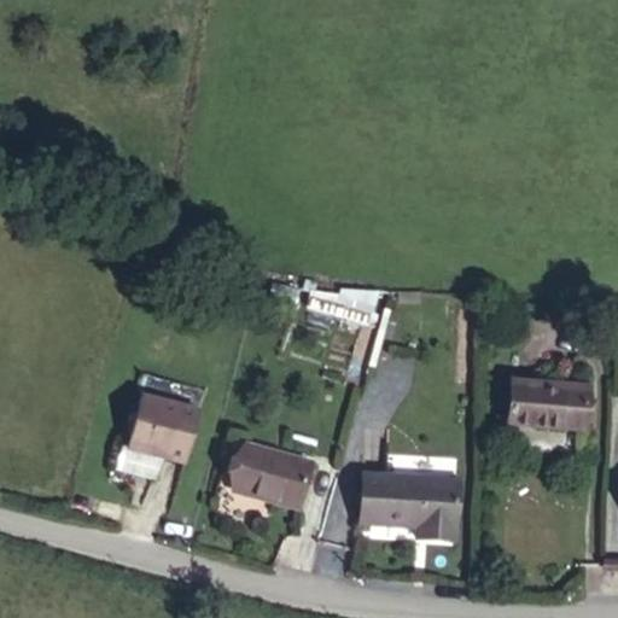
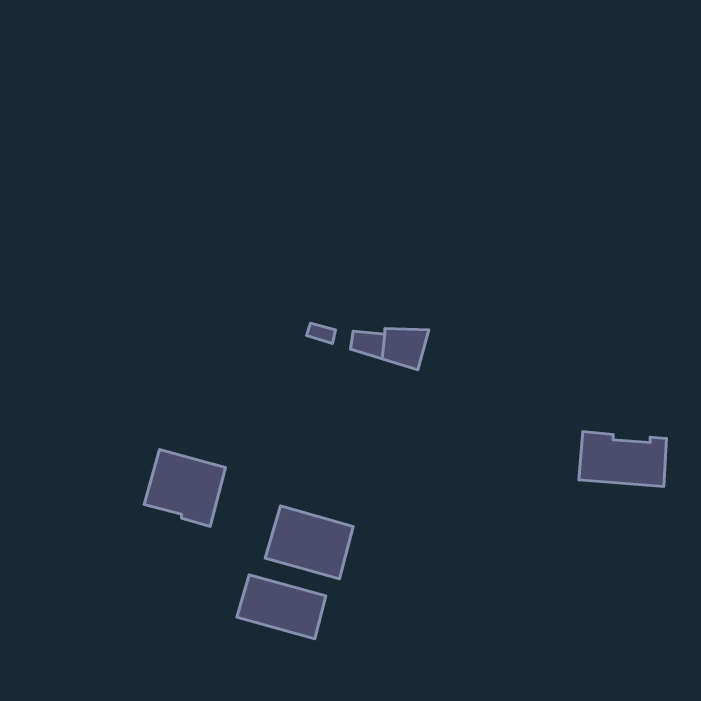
building: [362,474,459,540] -> none
building: none -> [237,575,326,639]

